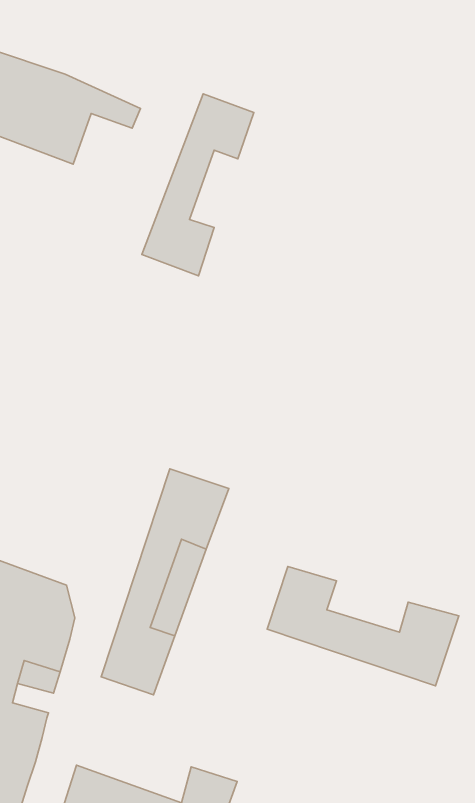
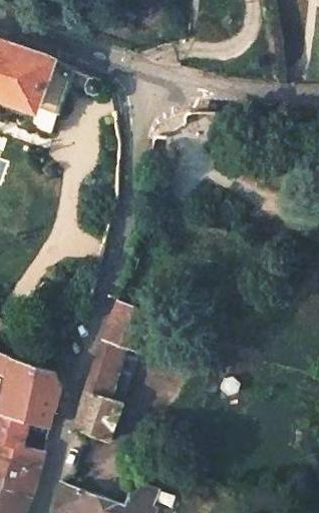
building: [142,94,254,276] -> none
building: [267,566,459,686] -> none

